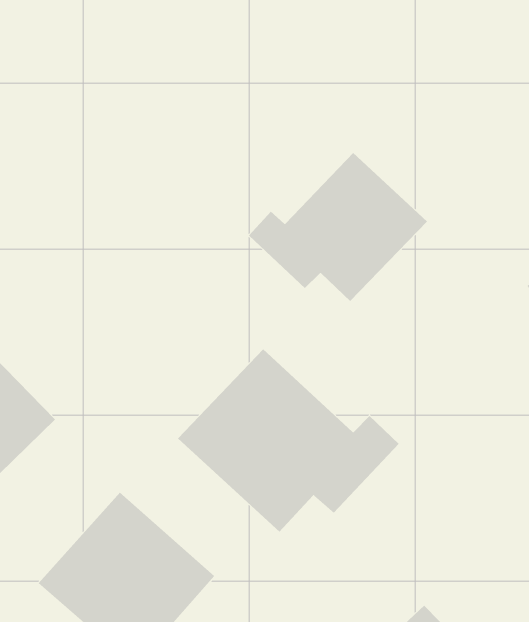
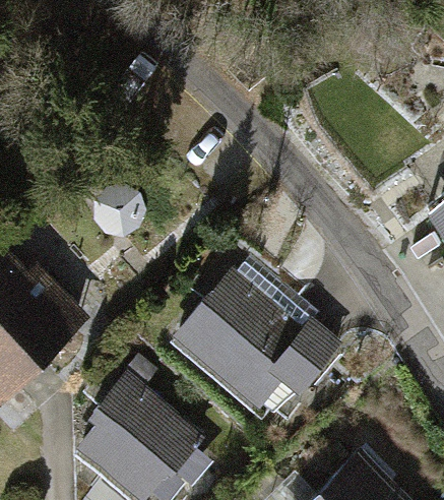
building: [248,152,428,302] -> none

